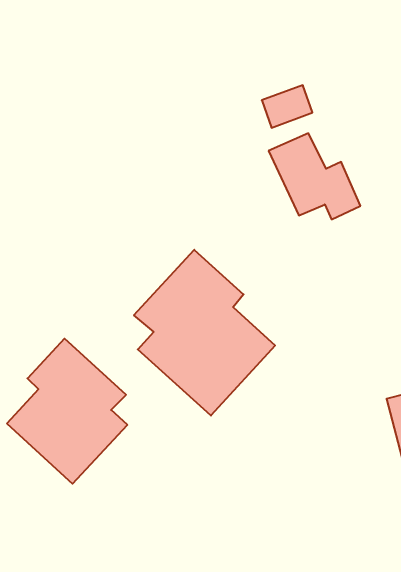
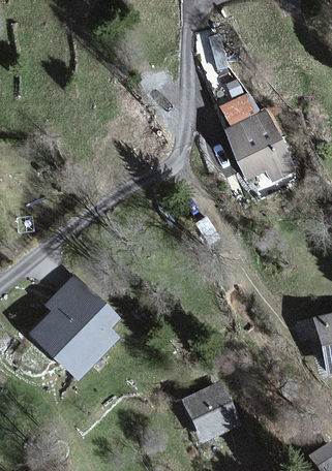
building: [134,250,275,416] -> none
building: none -> [180,380,241,443]

